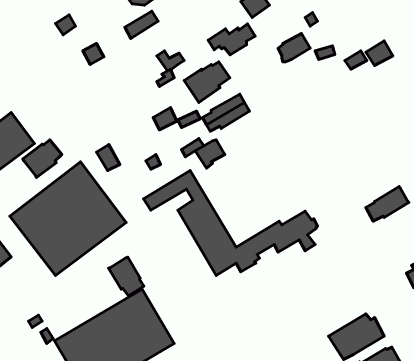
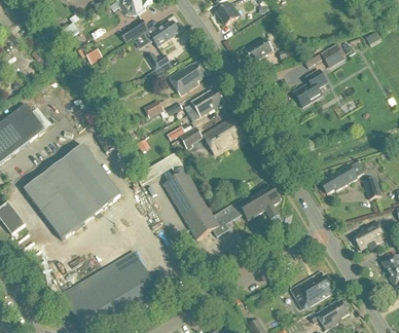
building: [208,24,255,55] -> [139,21,178,46]
building: none -> [293,70,326,107]
building: none -> [203,118,243,154]
building: [23,140,62,177] -> none
building: [109,257,144,296] -> none

